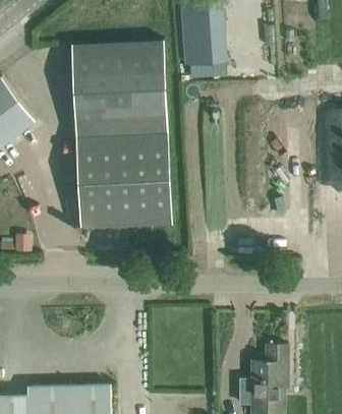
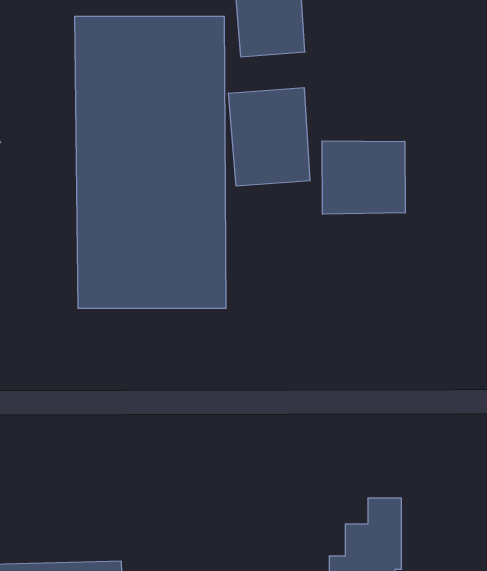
building: none -> [228,88,310,186]
building: none -> [322,141,405,214]

